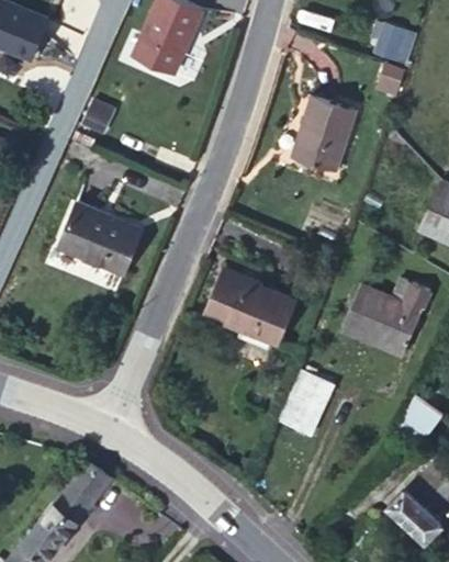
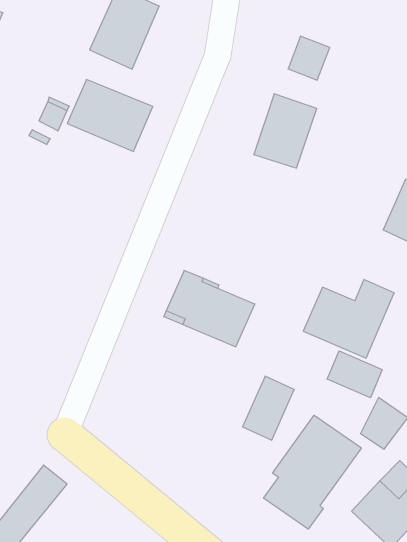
building: [373,25,414,68] -> [288,36,330,80]
building: [58,204,142,274] -> [67,79,153,151]
building: none -> [327,351,382,398]
building: none -> [263,415,361,529]

